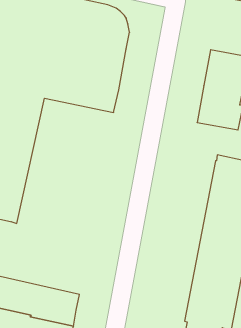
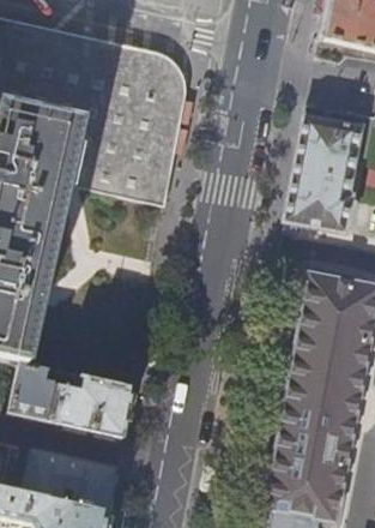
building: none -> [8,364,131,438]

